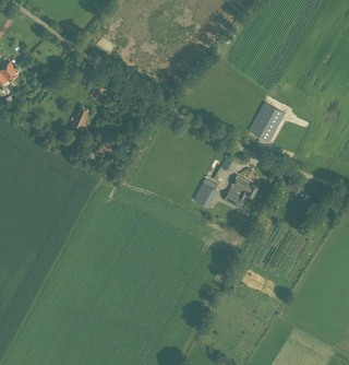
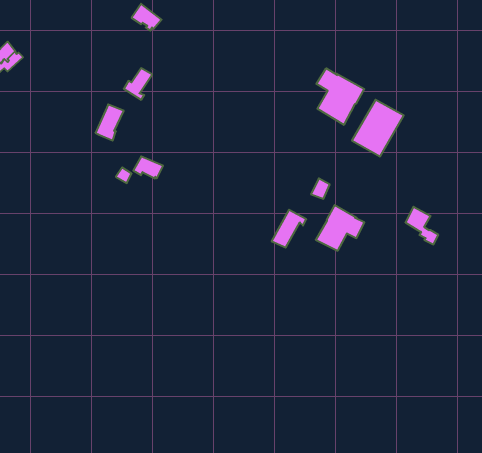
building: none -> [316,68,364,125]

